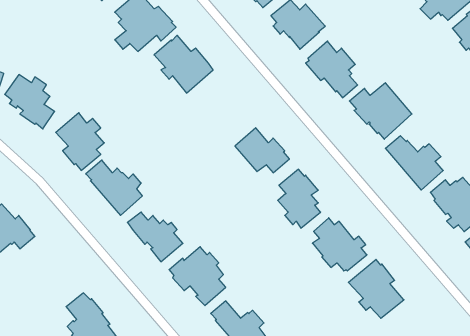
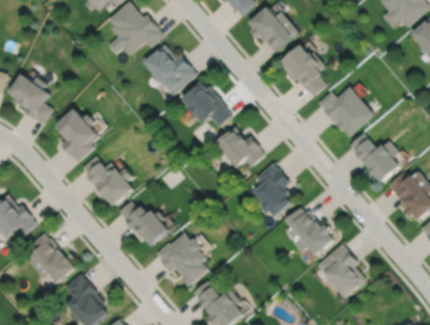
building: none -> [181,78,231,125]
building: none -> [26,232,75,282]

